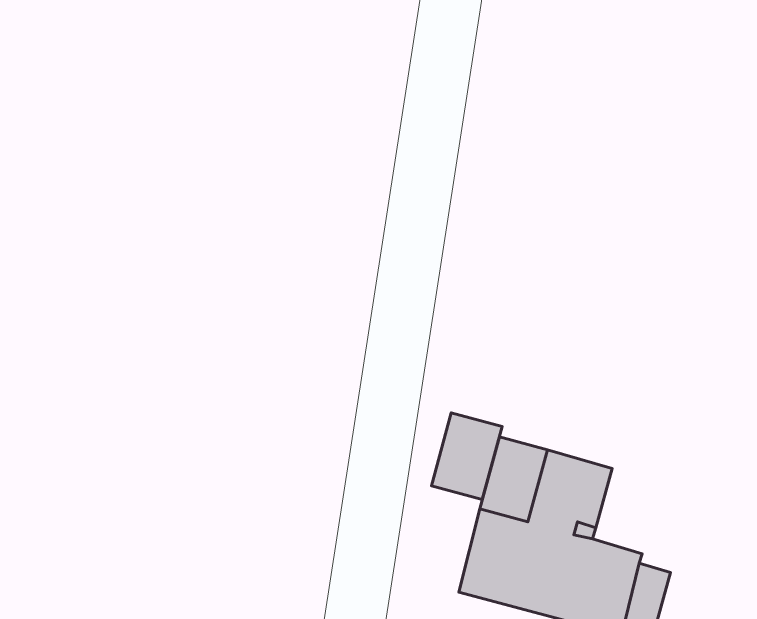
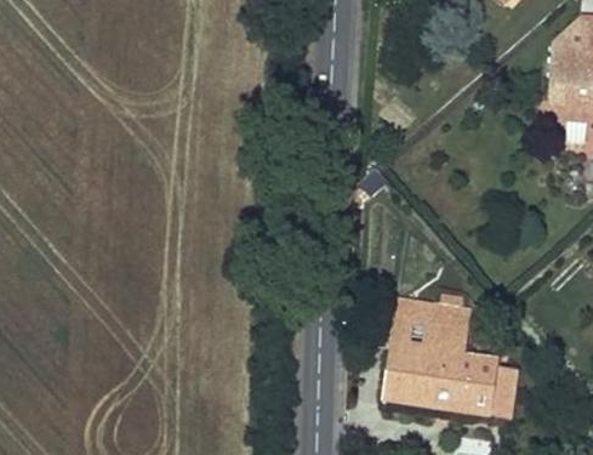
building: [431,413,502,500] -> none

